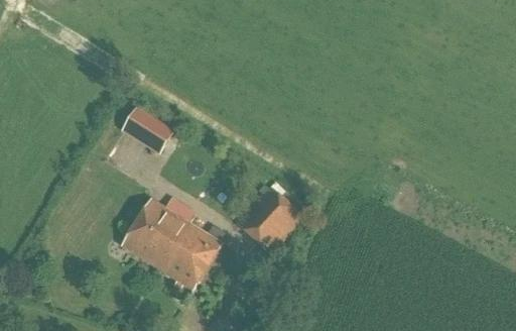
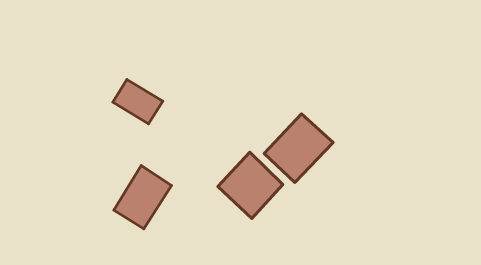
building: none -> [264,114,333,182]
building: [154,219,221,289] -> none

